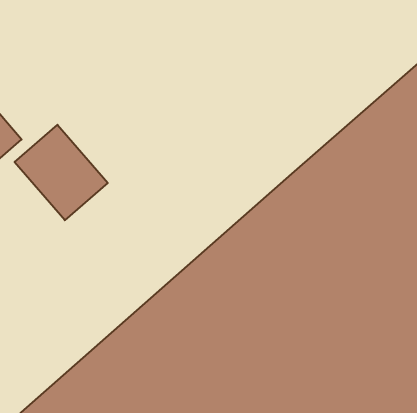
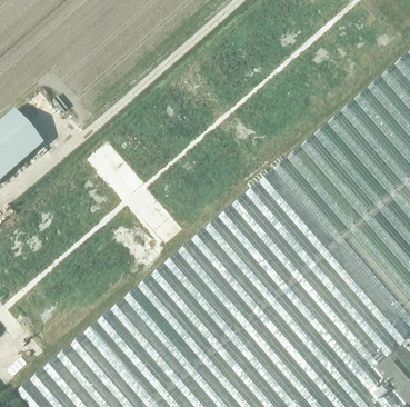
building: [15,125,108,220] -> none

